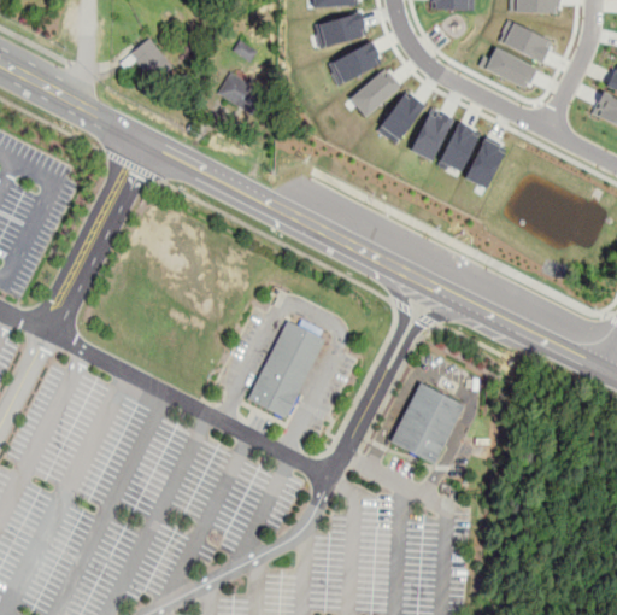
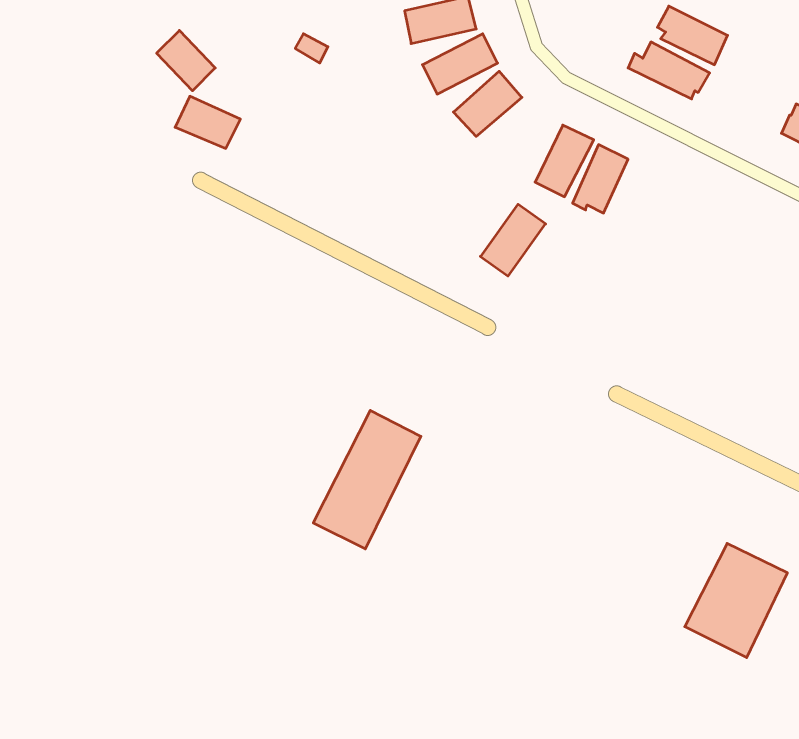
building: [218,74,266,112] -> [175,96,240,148]
building: [377,90,425,144] -> [480,204,546,276]
building: [465,139,506,188] -> none
building: [390,381,466,465] -> [685,543,787,658]

